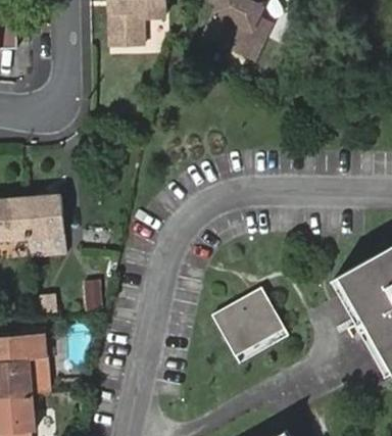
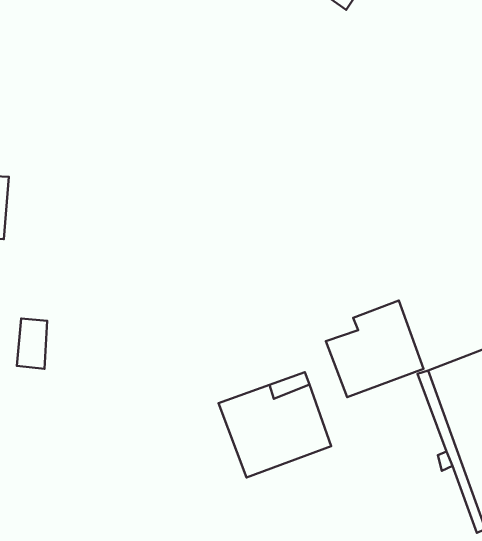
building: none -> [326,301,423,397]

